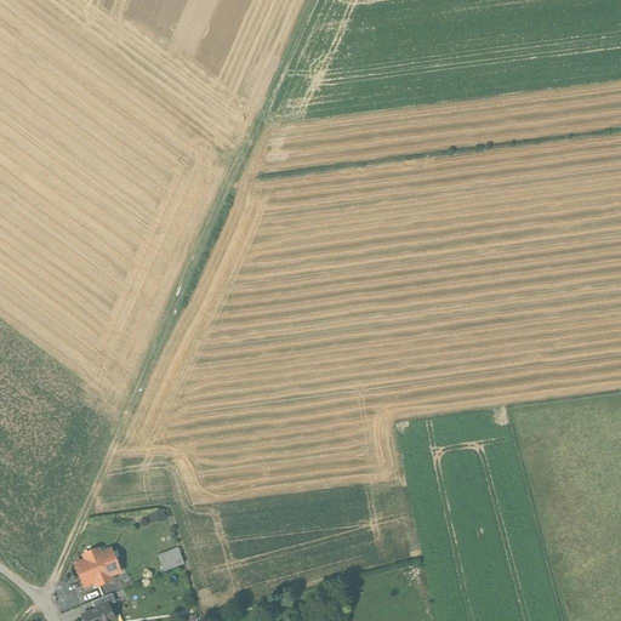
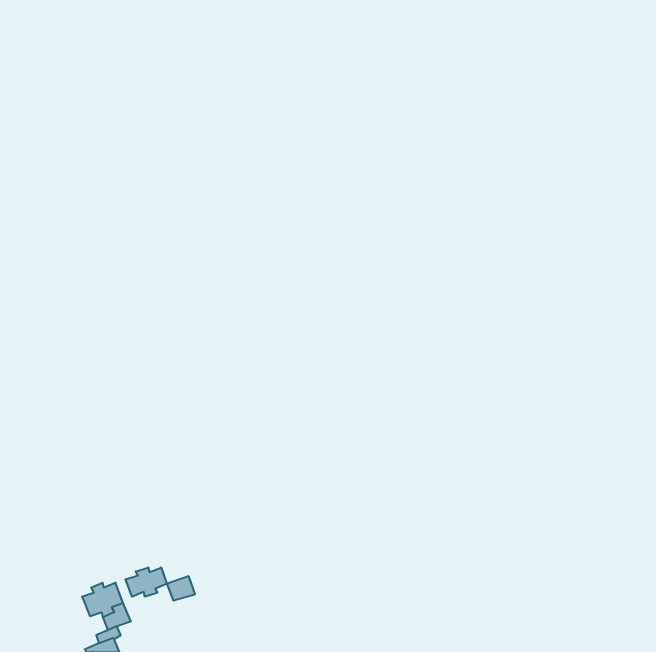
building: none -> [125,567,167,597]

